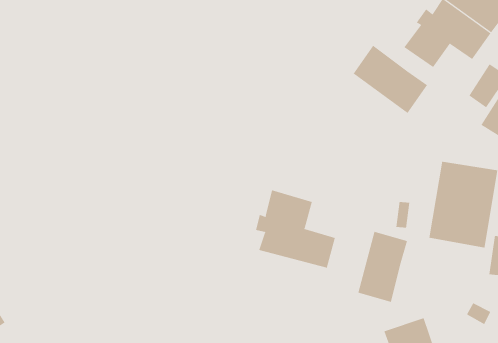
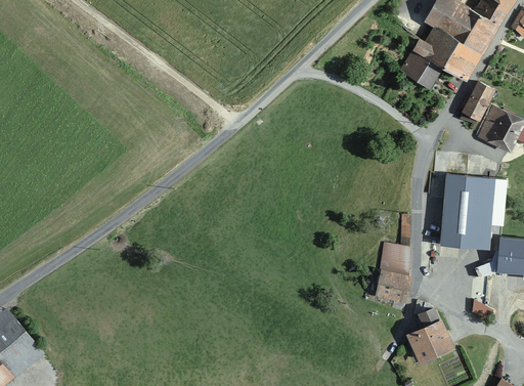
building: [353,45,428,114] -> none
building: [255,190,336,268] -> none

